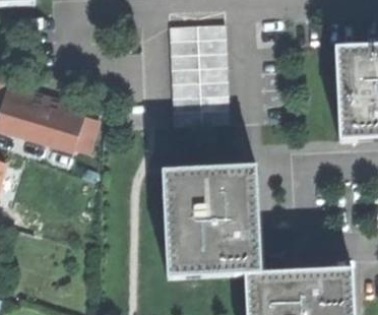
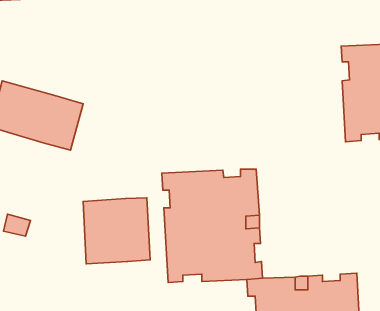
building: [169,23,230,125] -> none
building: none -> [83,198,150,264]

